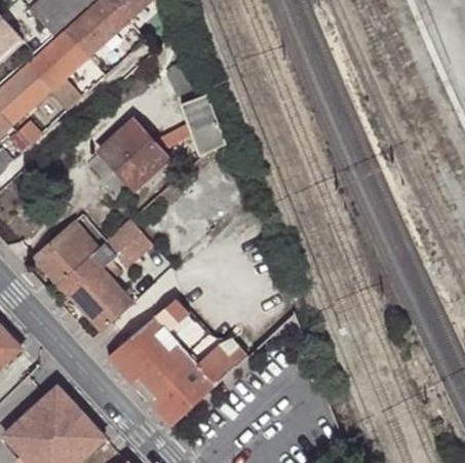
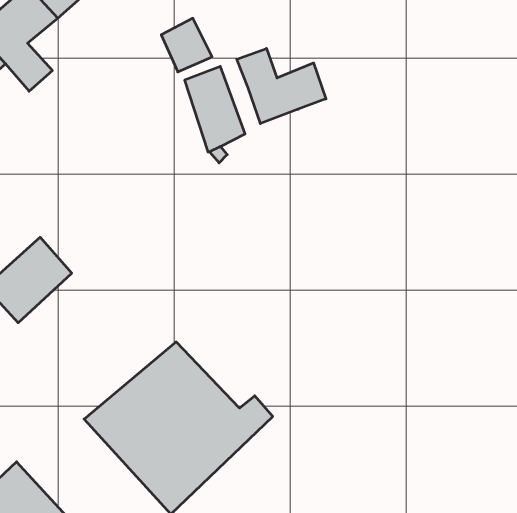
building: none -> [237,48,326,124]
building: [101,119,169,189] -> none
building: [57,219,153,332] -> none

